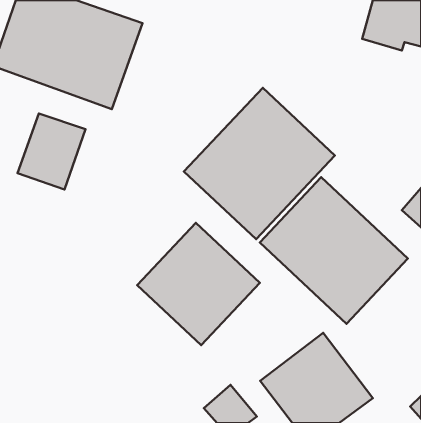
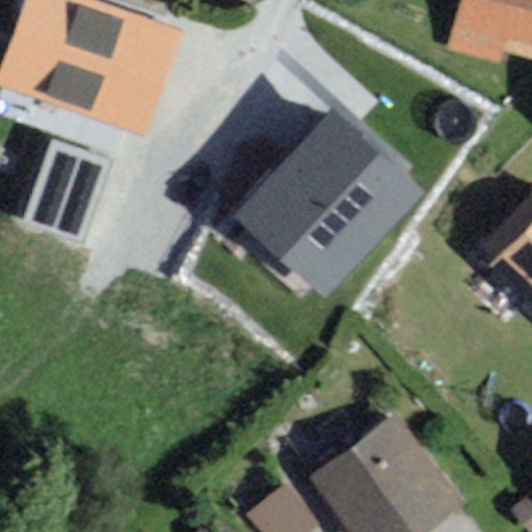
building: [260,177,408,324] -> none
building: [137,223,260,345] -> none

